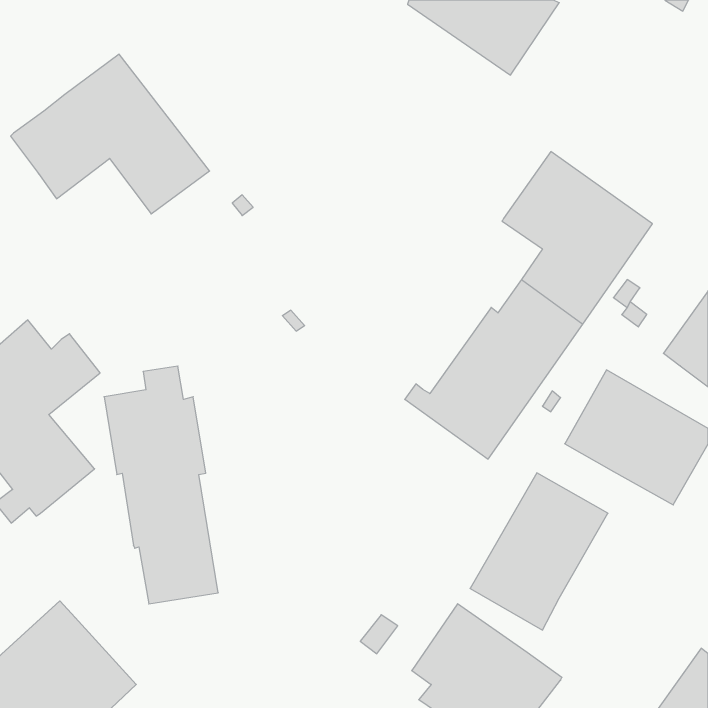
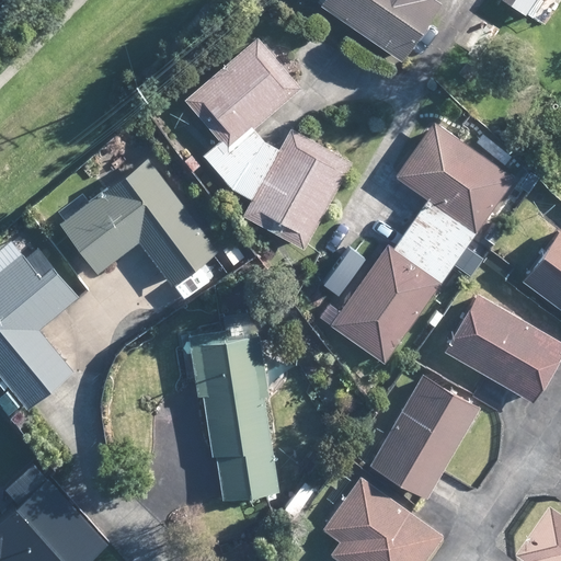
building: none -> [185,37,352,250]
building: [11,54,210,214] -> [61,159,218,285]
building: [104,366,218,604] -> [188,312,278,500]

